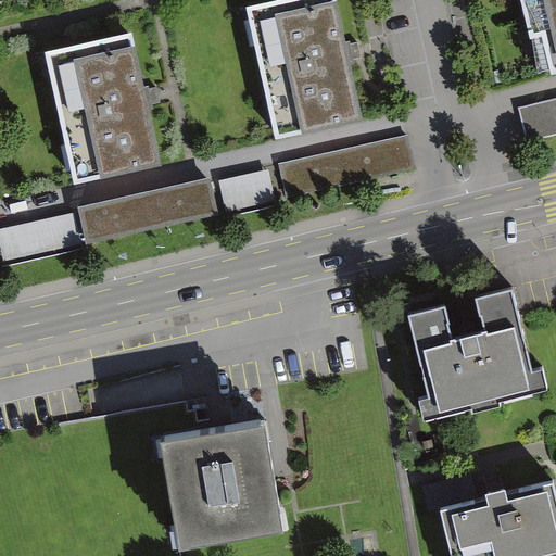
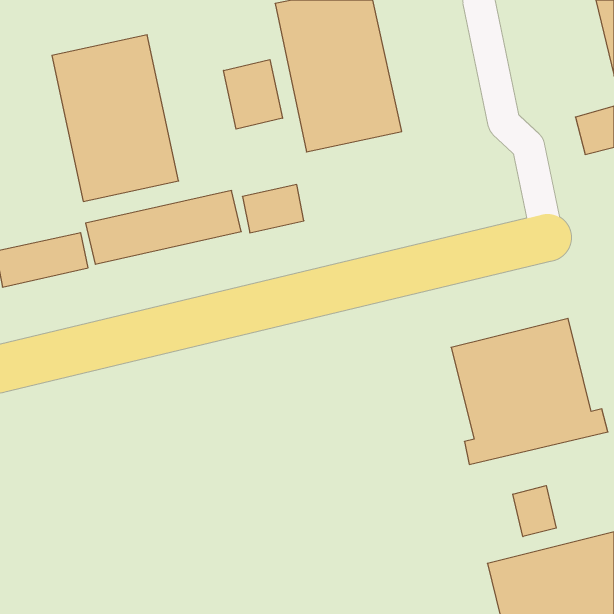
building: none -> [224,60,283,129]
building: [278,135,414,198] -> none
building: [159,421,282,547] -> none
building: none -> [513,486,556,537]

